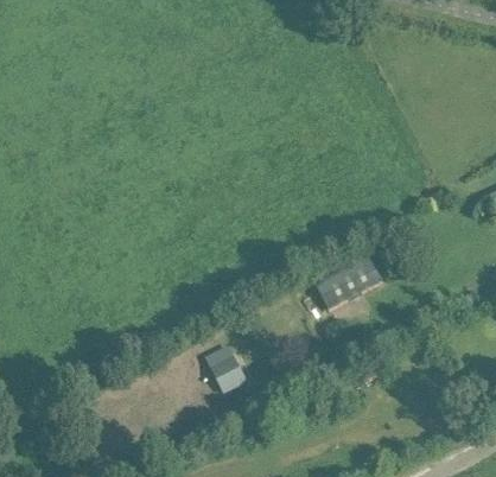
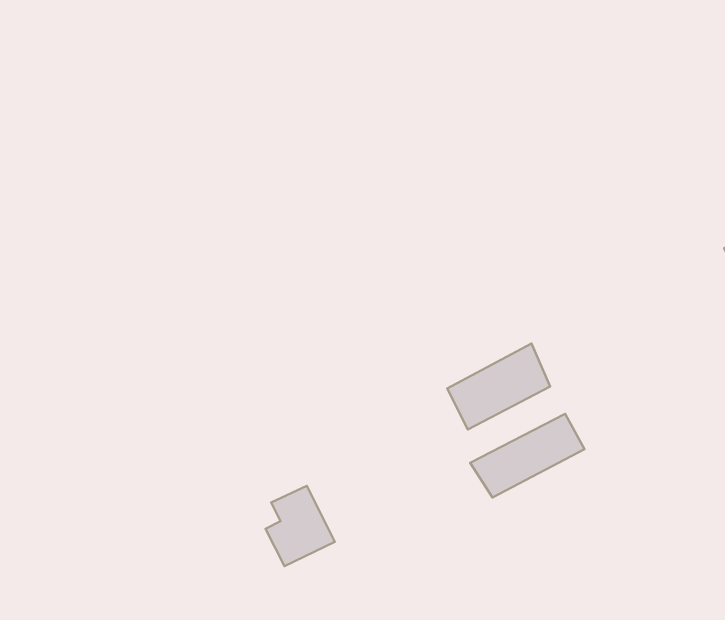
building: none -> [470,414,585,498]

